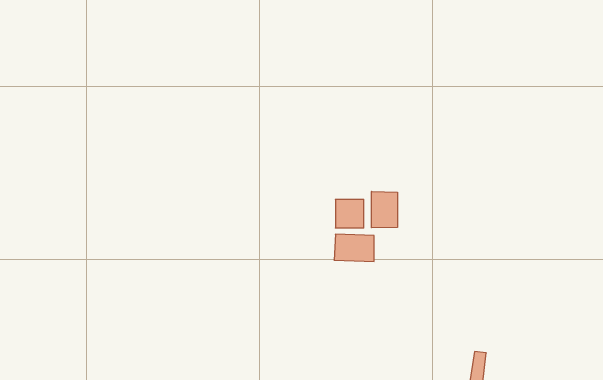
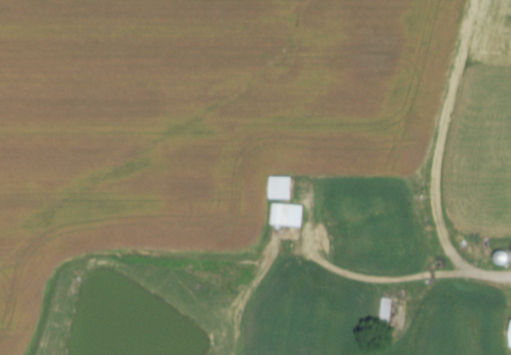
building: [372,191,397,228] -> none

